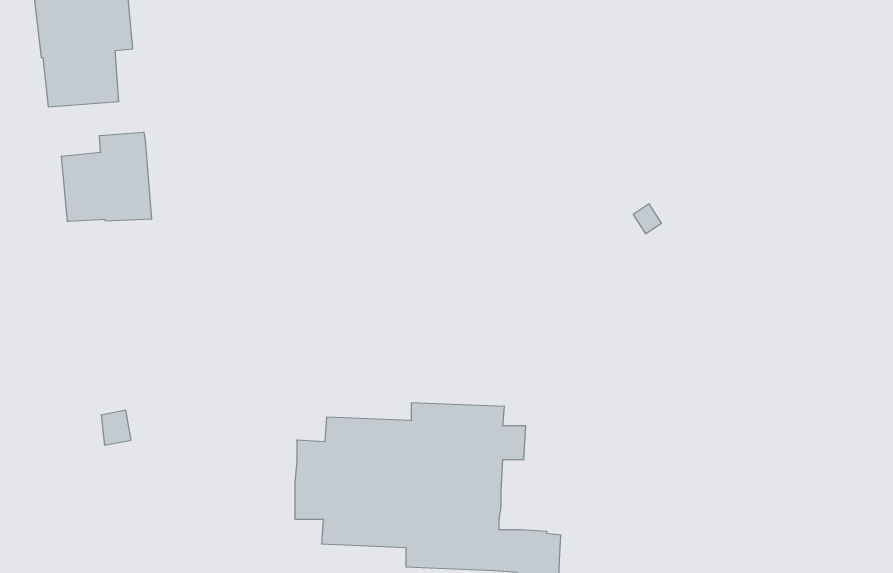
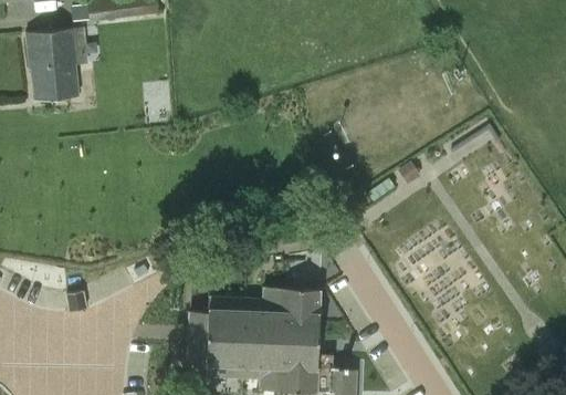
building: [62,132,152,222] -> none

